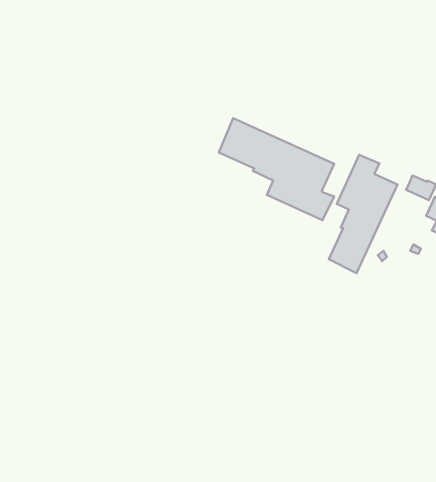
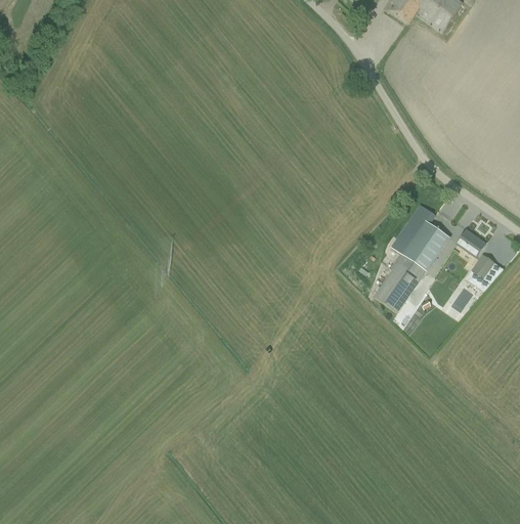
building: [219,118,334,220] -> none

